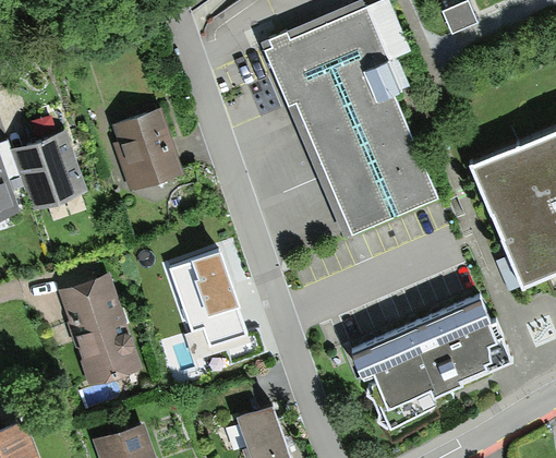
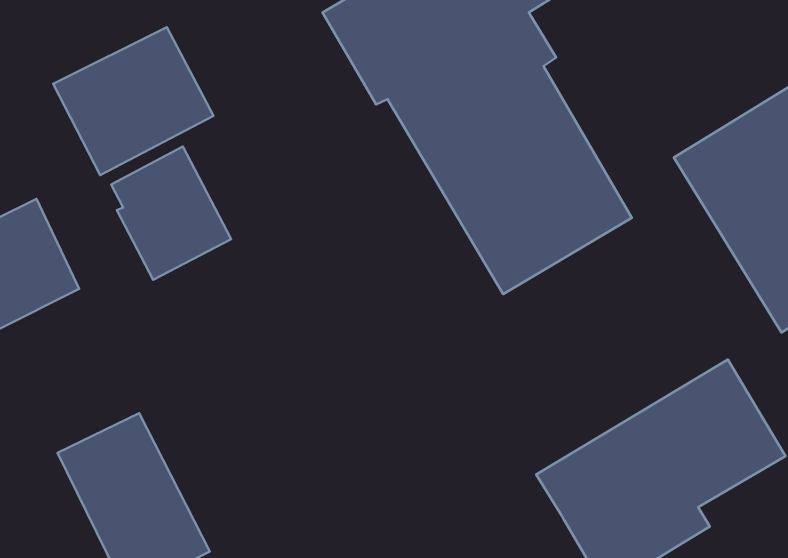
building: none -> [53,27,214,175]
building: [169,252,267,362] -> none

